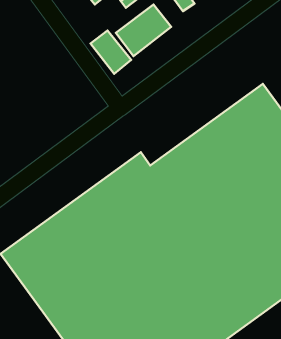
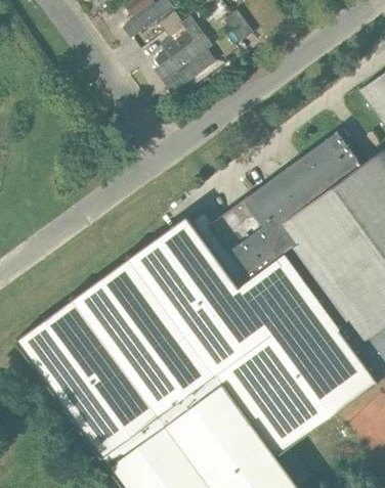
building: [91,30,131,74] -> none

